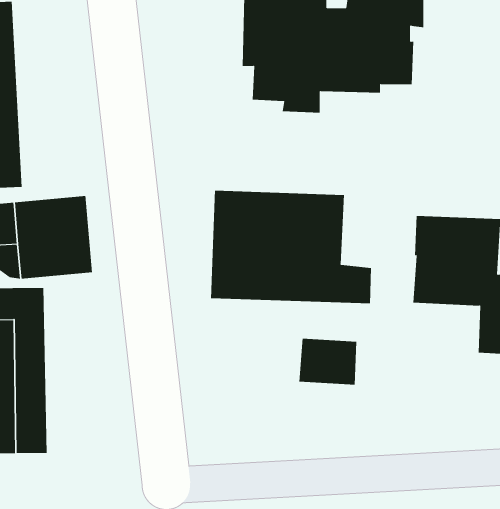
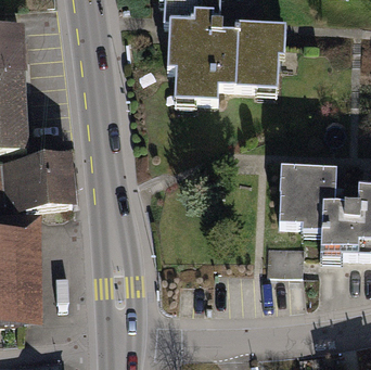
building: [210,190,371,304] -> none
building: [298,338,357,385] -> [266,246,304,277]

